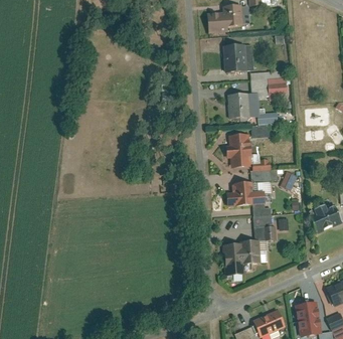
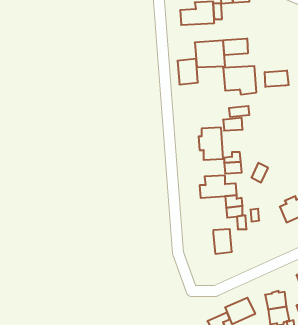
building: none -> [223,38,248,55]
building: none -> [265,70,289,87]
building: [228,93,249,119] -> [177,59,198,84]
building: [222,242,244,274] -> none

